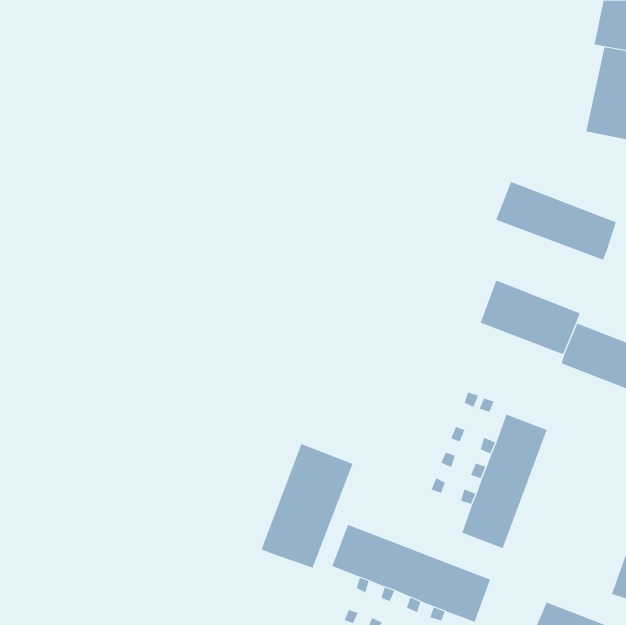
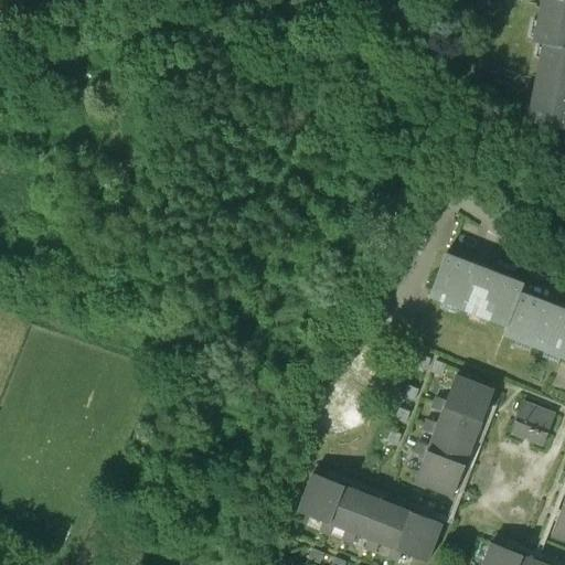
building: [496,181,617,261] -> none
building: [261,443,353,568] -> none
building: none -> [512,403,554,446]

